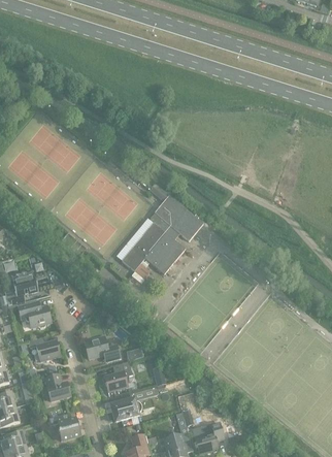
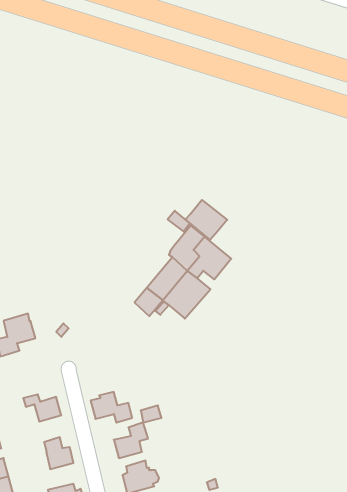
building: none -> [186,200,227,240]
building: [15,300,49,326] -> none

